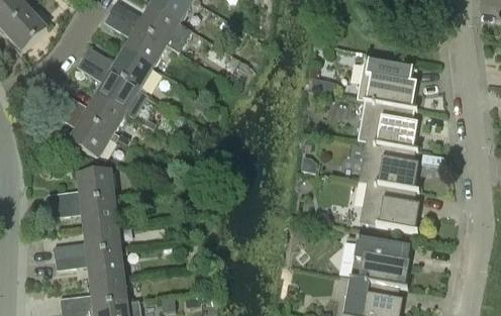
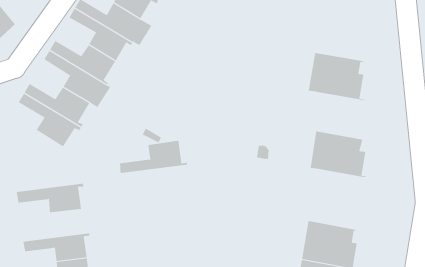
building: [358,99,418,149] -> none
building: [46,170,119,205] -> [119,140,188,174]
building: [360,181,419,230] -> none
building: [54,223,126,257] -> none

